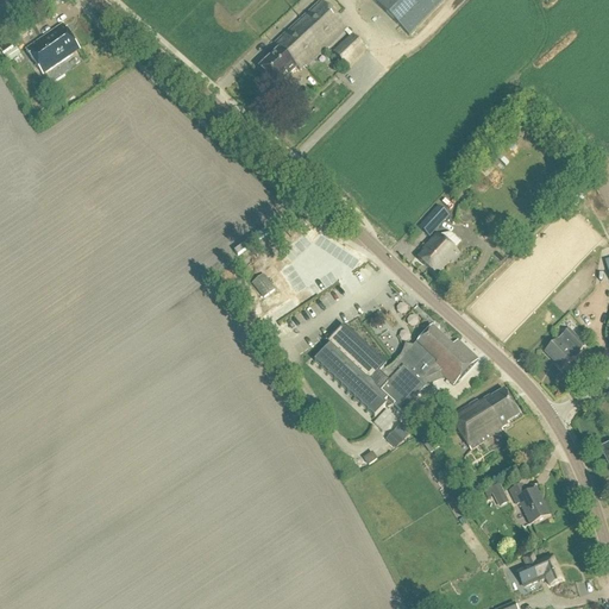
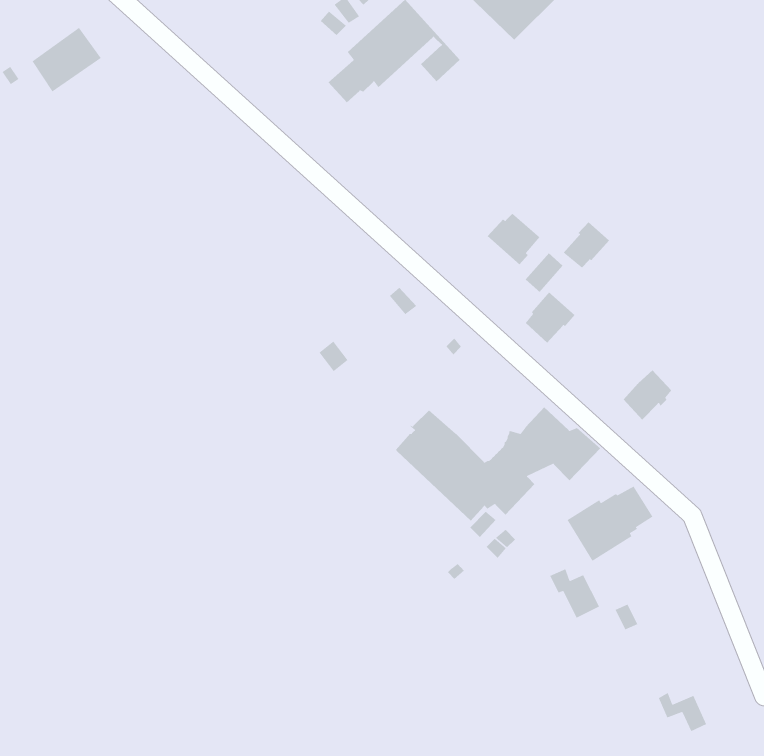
building: none -> [487,213,541,265]
building: none -> [563,221,610,269]
building: [546,326,585,366] -> [623,370,672,420]
building: [509,482,550,522] -> [549,568,600,619]

